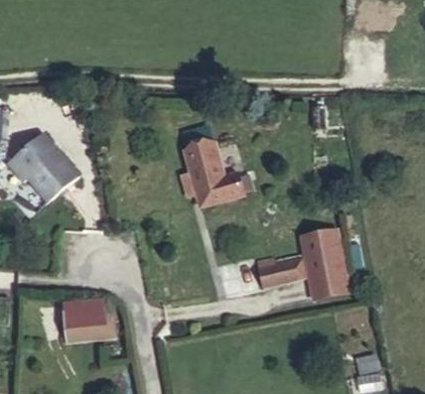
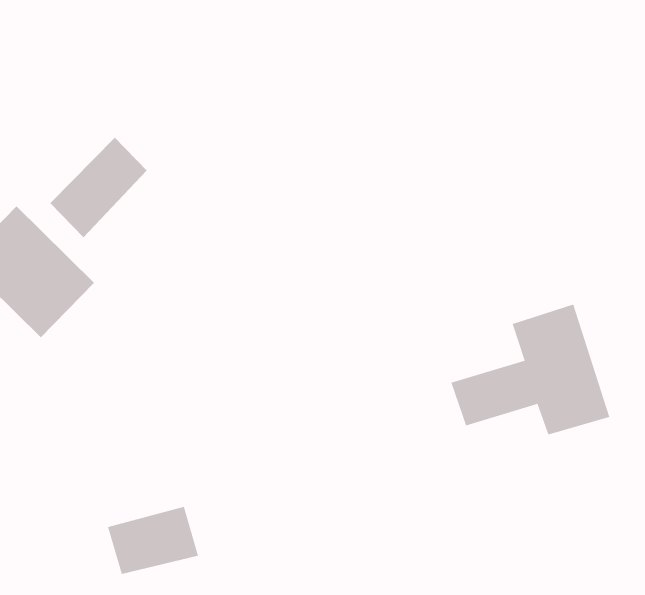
building: none -> [49,137,147,238]
building: [193,145,253,209] -> none

